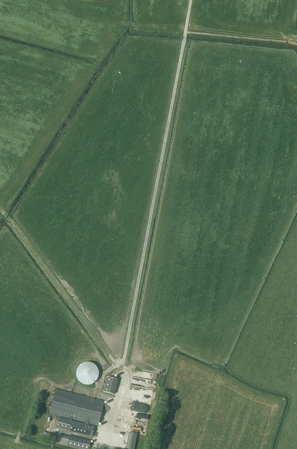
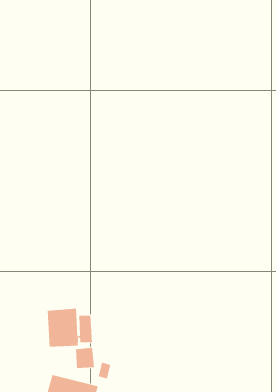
building: none -> [47,308,92,348]

